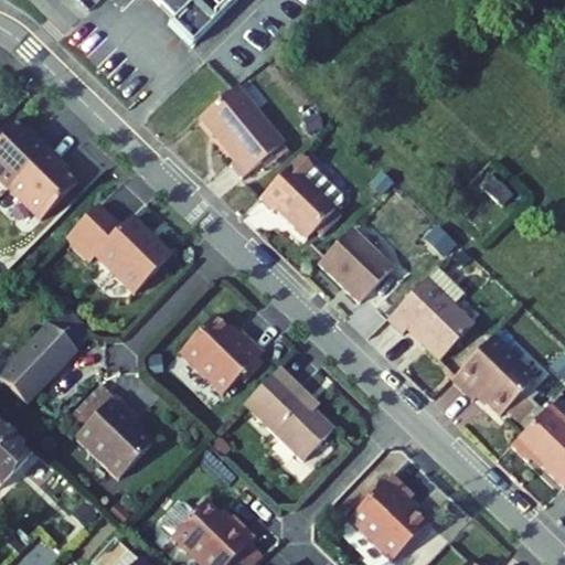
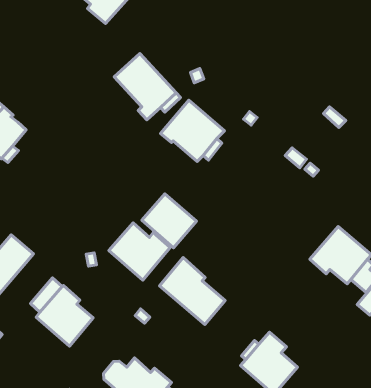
building: [65,204,170,292] -> none
building: [318,228,392,302] -> [142,194,196,248]
building: [387,266,473,359] -> none

